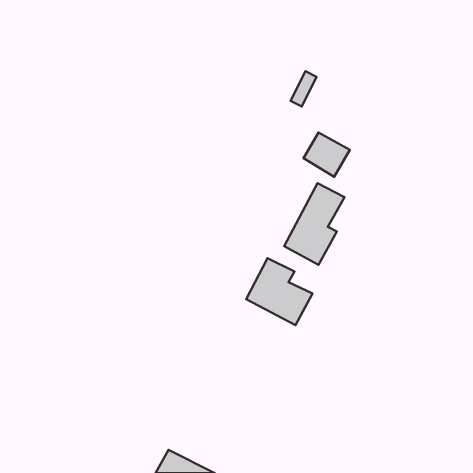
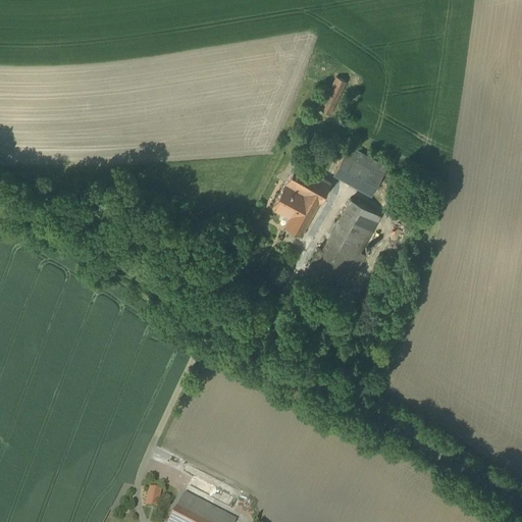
building: none -> [271,163,331,241]
building: [246,258,312,325] -> none

